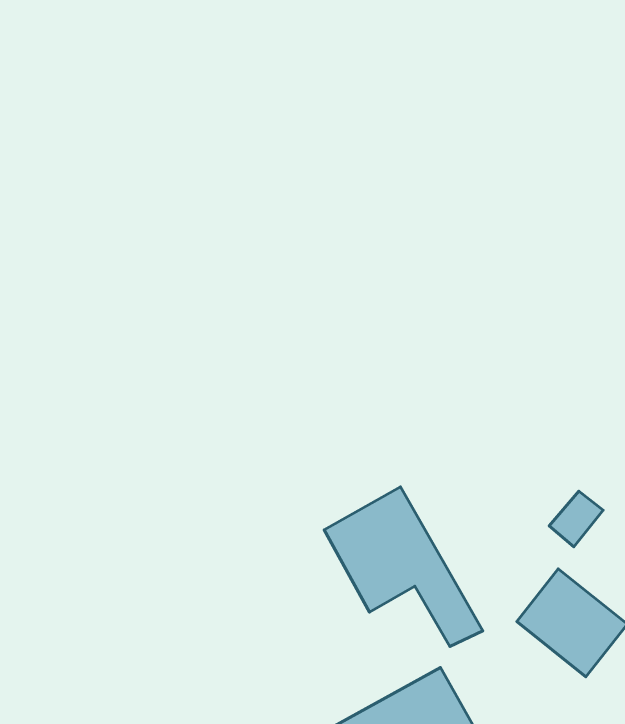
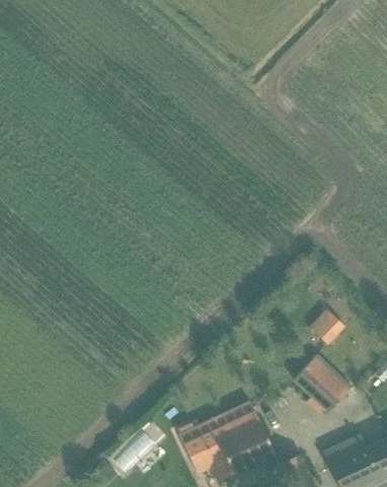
building: [324,487,483,646] -> none

